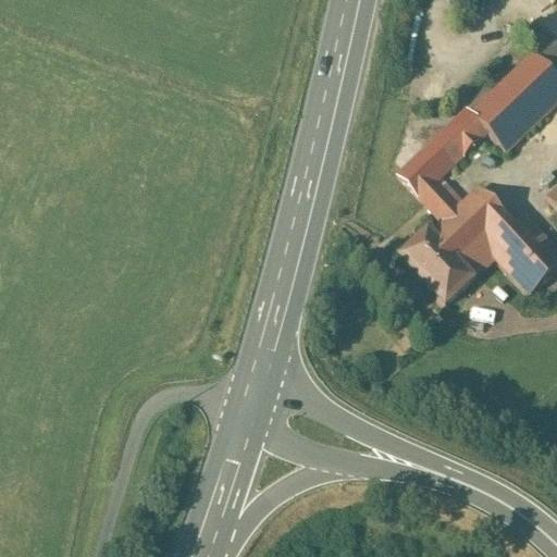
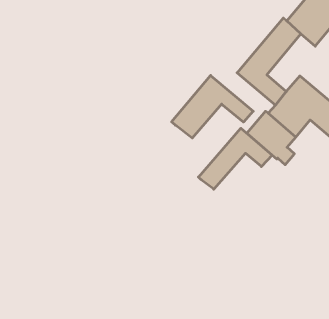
building: none -> [172,75,253,138]
building: none -> [198,128,272,189]

